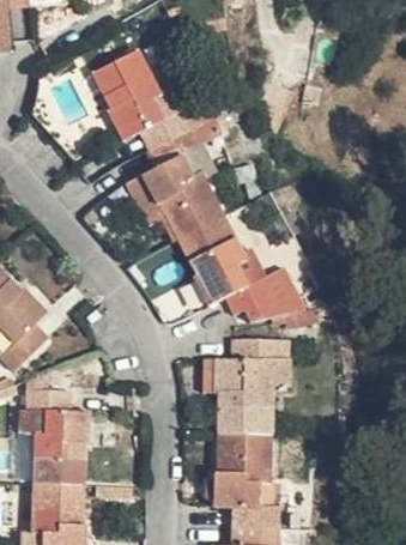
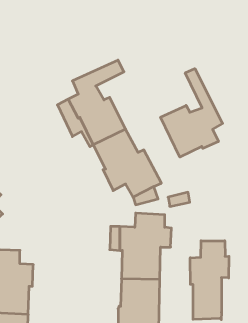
building: [93,50,213,147] -> none
building: none -> [161,69,223,157]
building: none -> [190,241,229,320]

